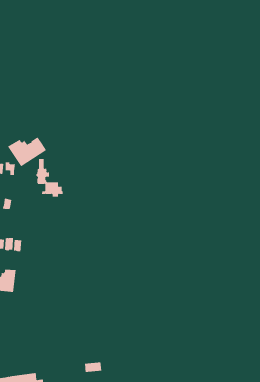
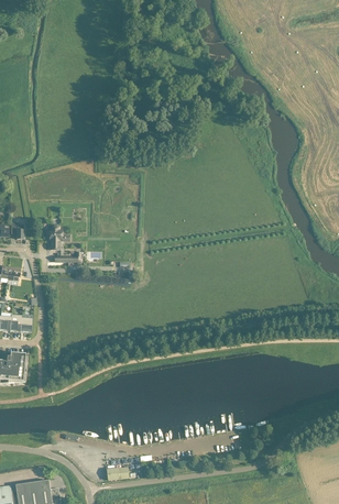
building: [7,136,47,167] -> none

